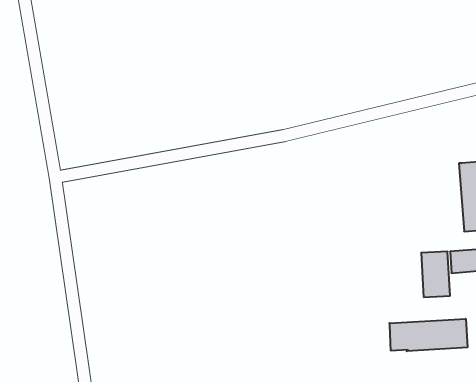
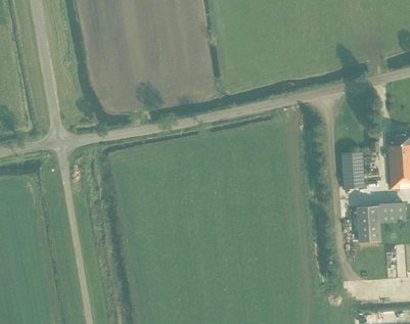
building: none -> [341,151,364,188]
building: [389,319,467,351] -> none

